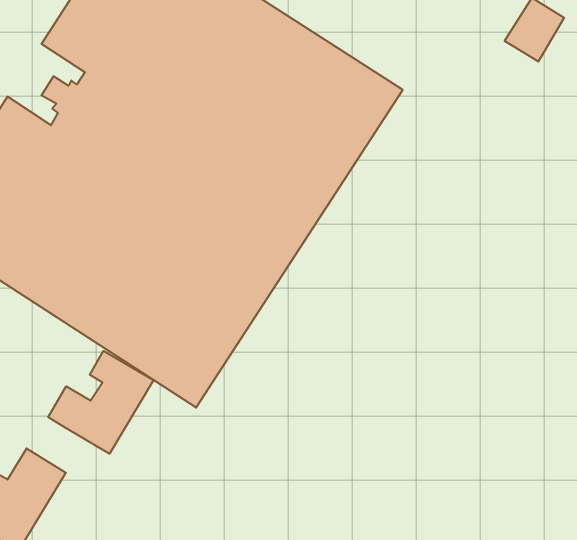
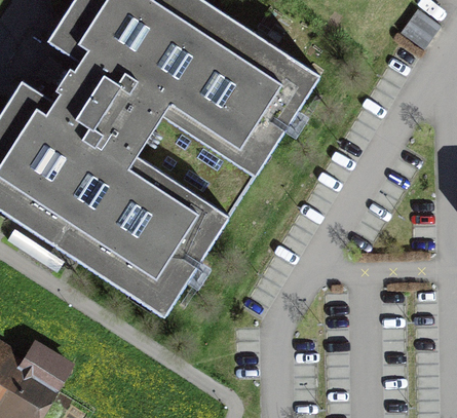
building: [48,351,154,454] -> none

